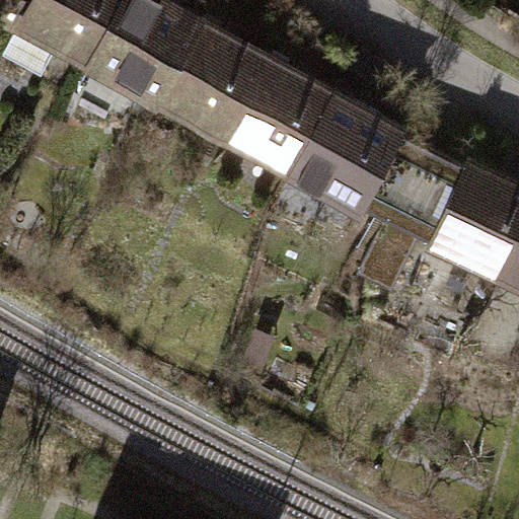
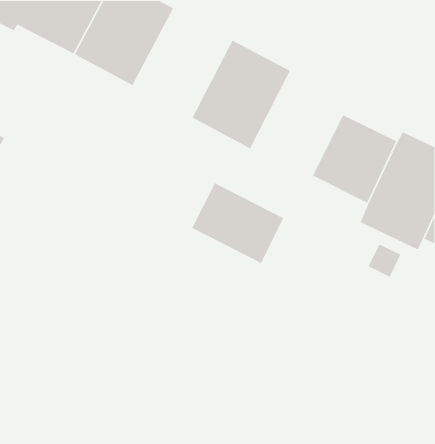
building: [153,15,268,142] -> none
building: [289,87,403,216] -> none
building: none -> [191,182,284,264]

